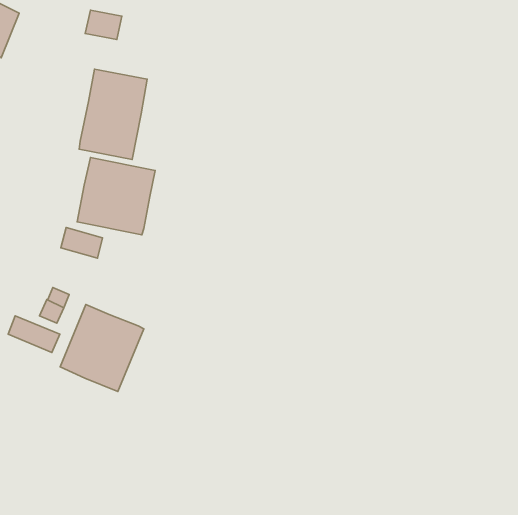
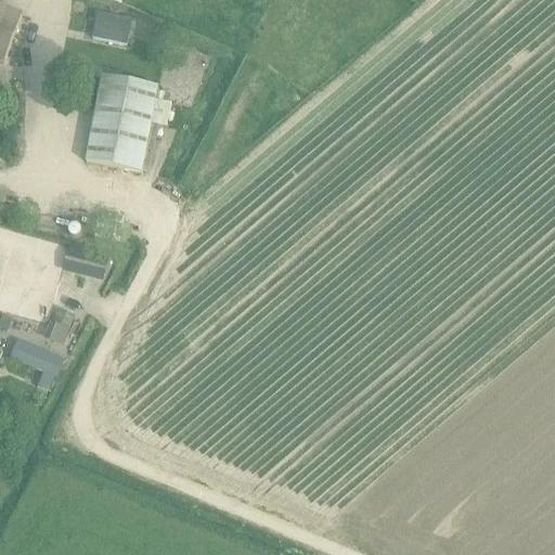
building: [77,158,155,235] -> none
building: [60,304,144,391] -> none

